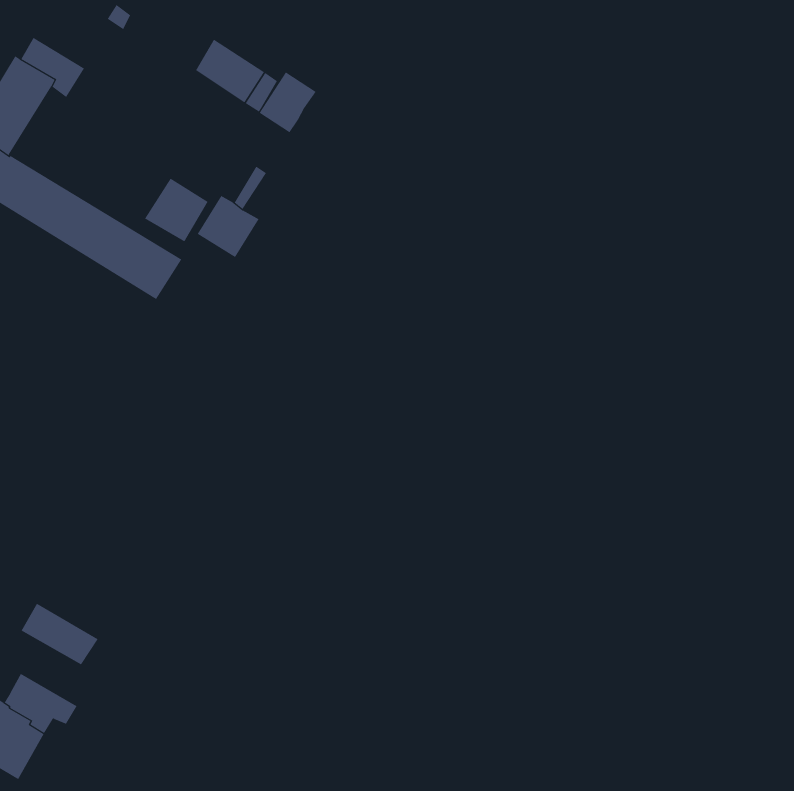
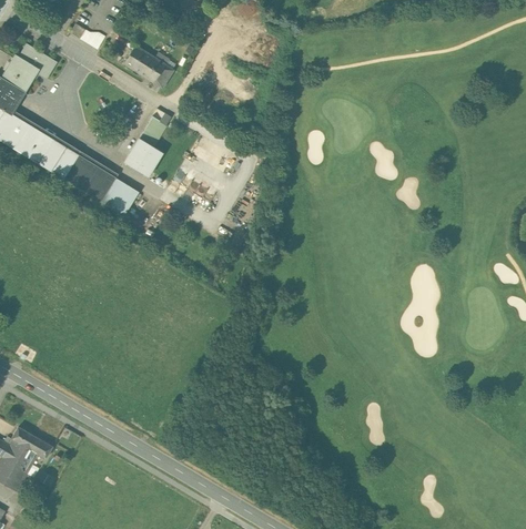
building: [259,72,316,133] -> none
building: [144,178,209,242] -> [100,177,139,216]
building: [21,603,99,665] -> none

